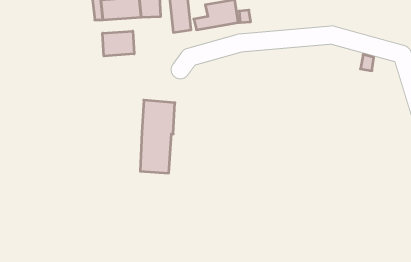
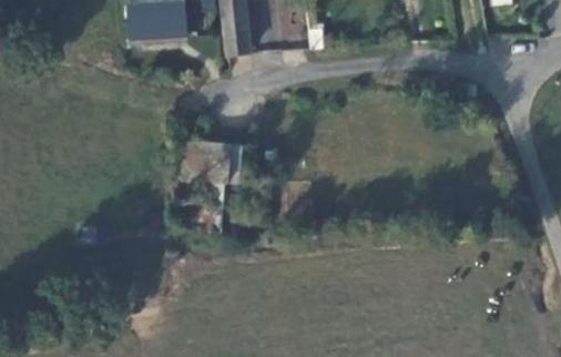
building: [103,31,134,56] -> none

